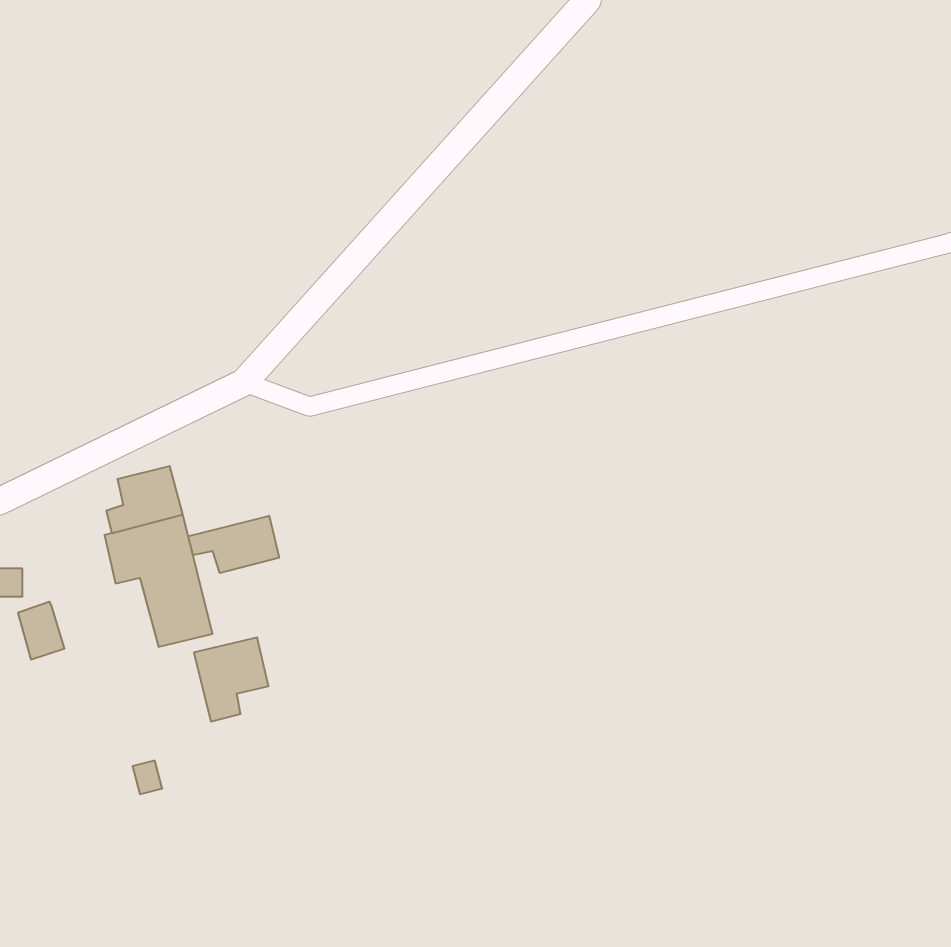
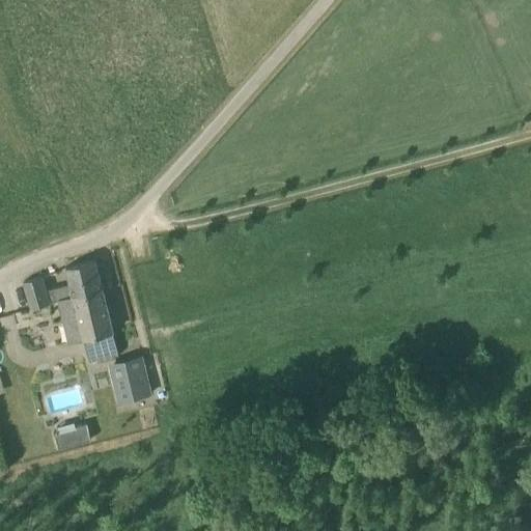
building: [188,516,279,573] -> none
building: [18,602,65,660] -> [23,279,49,311]

